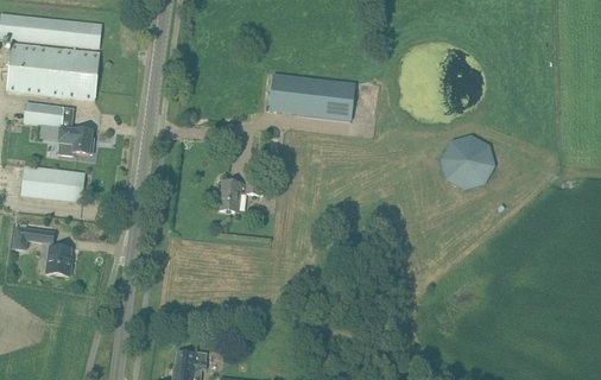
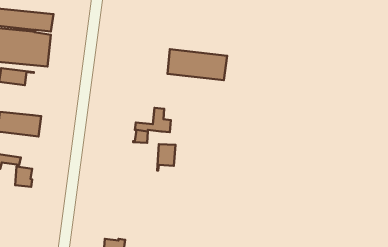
building: [58,128,93,156] -> none
building: [439,134,495,190] -> none
building: none -> [157,144,175,171]

